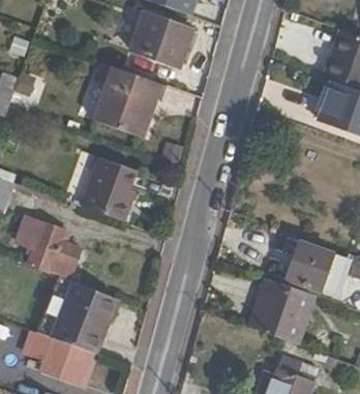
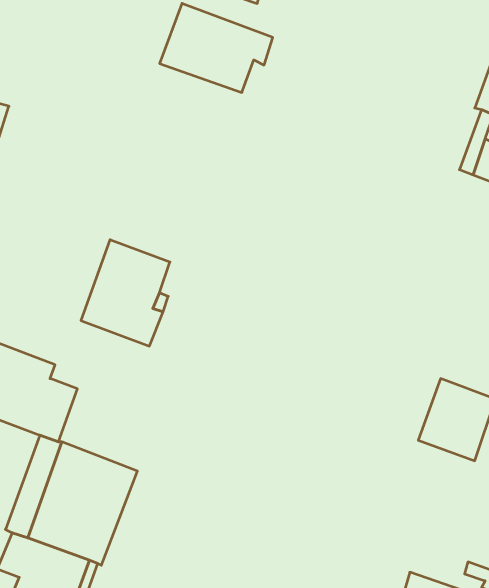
building: [92,61,164,137] -> none
building: [246,277,312,343] -> none

